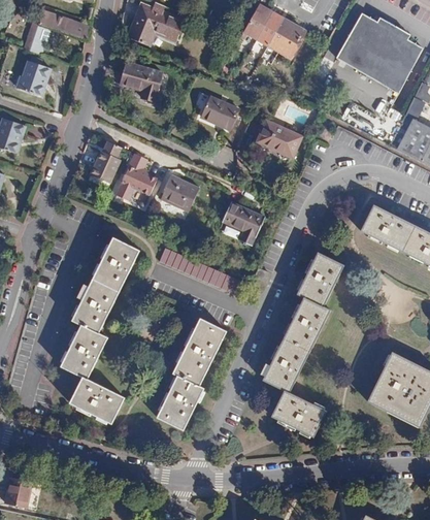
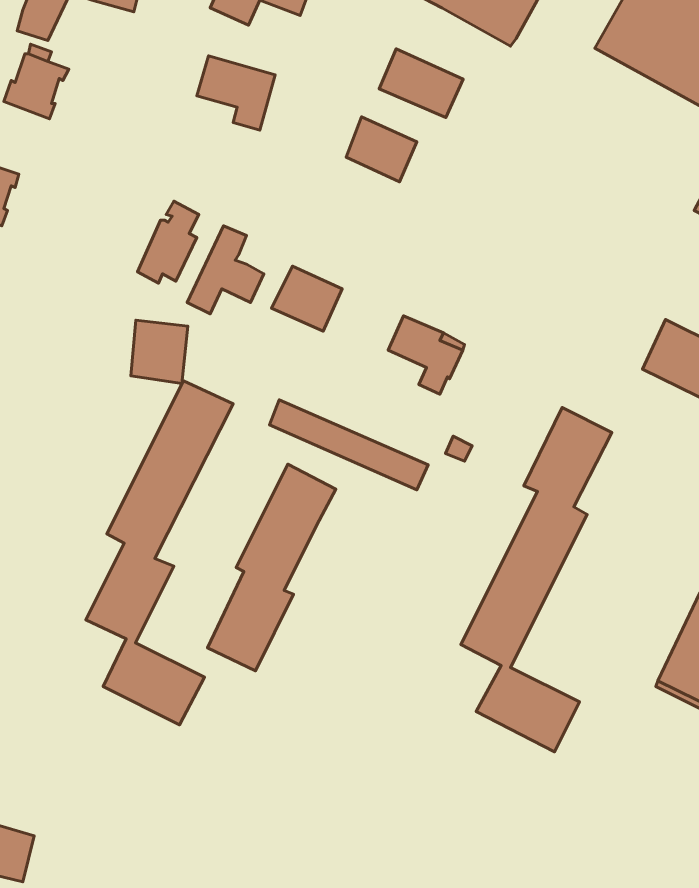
building: [256,120,301,157] -> [379,49,463,118]
building: none -> [131,320,188,383]
building: [157,318,226,429] -> [208,464,336,671]

